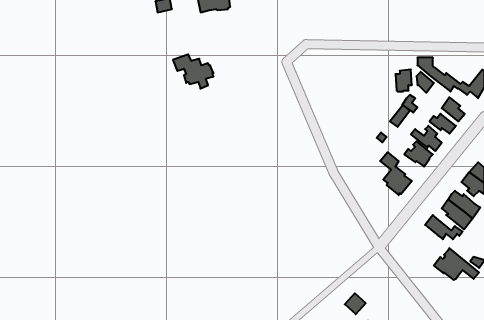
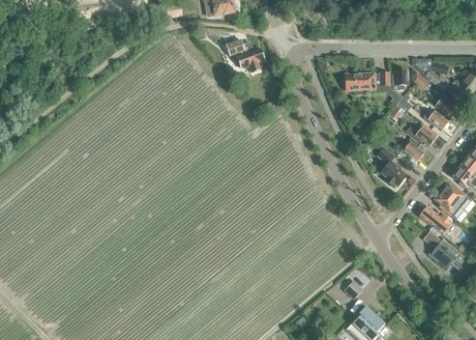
building: [173,54,214,89] -> [226,39,264,72]
building: none -> [343,72,388,94]

